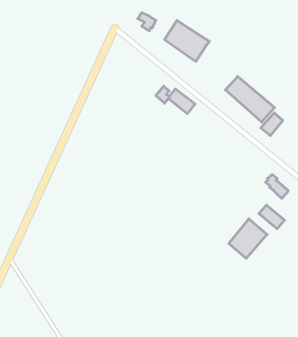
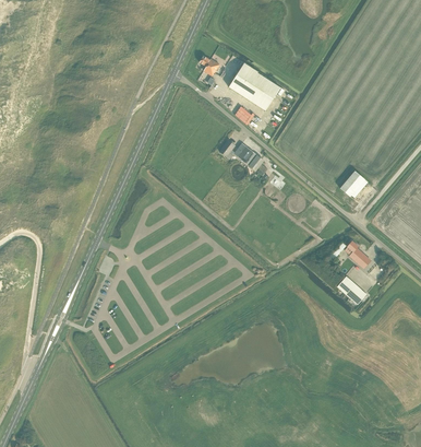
building: [225,76,275,122] -> none
building: [229,219,267,258] -> none

